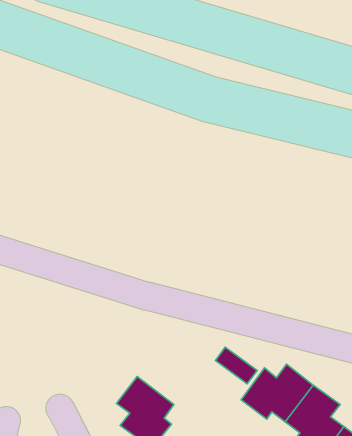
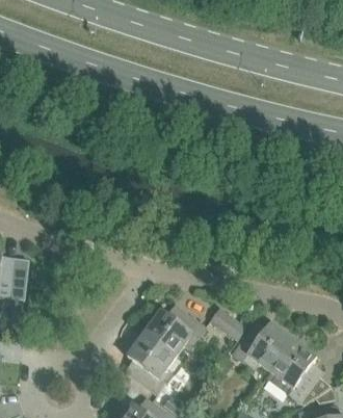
building: none -> [144,308,207,357]

